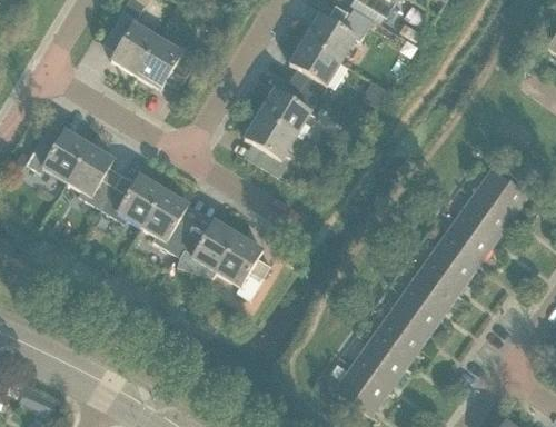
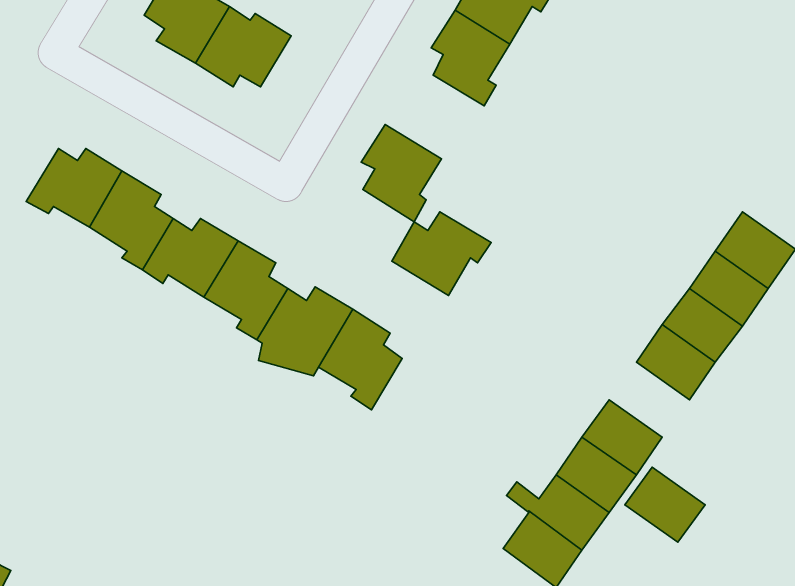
building: [259,81,324,136] -> [392,212,491,295]
building: [405,268,457,317] -> [625,467,705,542]

